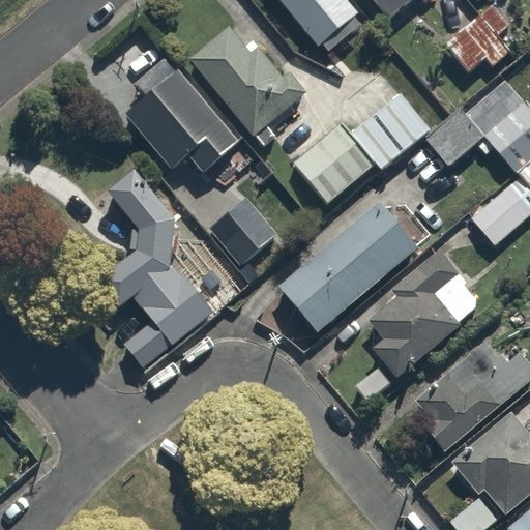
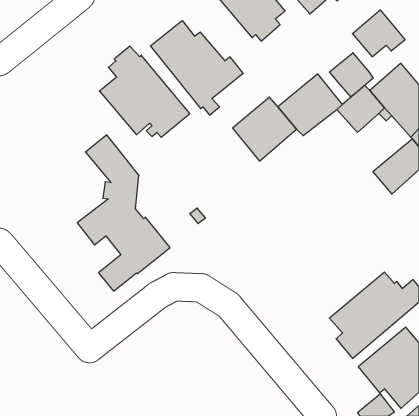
building: none -> [330,53,373,97]
building: [209,197,277,265] -> none
building: [278,202,418,333] -> none
building: [367,251,477,378] -> none

